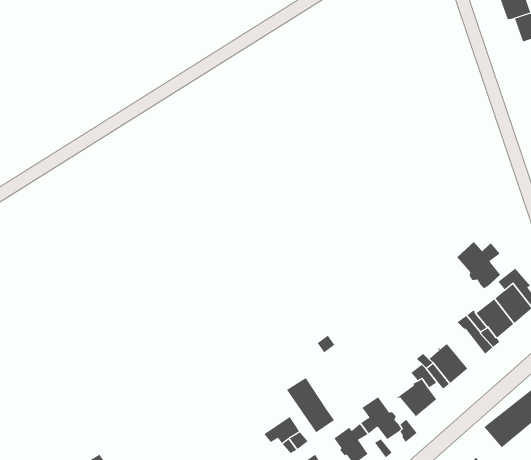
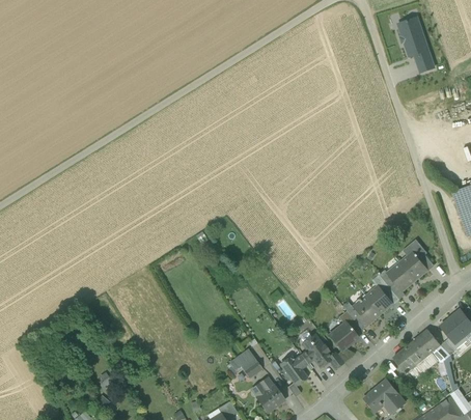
building: [457,241,501,289] -> none
building: none -> [365,284,393,313]
building: [286,377,335,433] -> none

